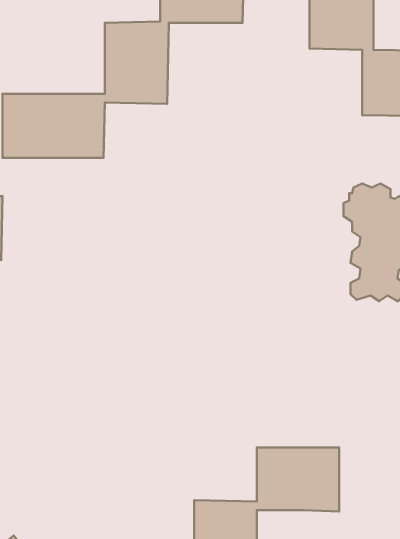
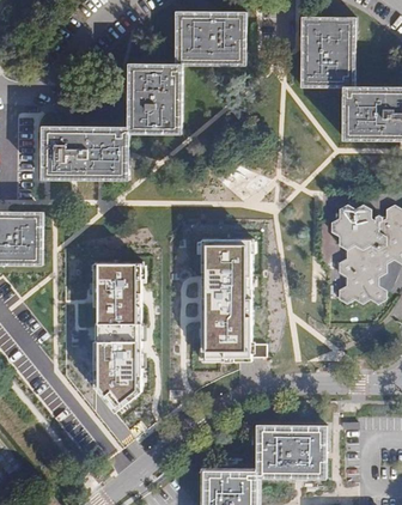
building: none -> [203,236,250,355]
building: none -> [96,260,136,402]

